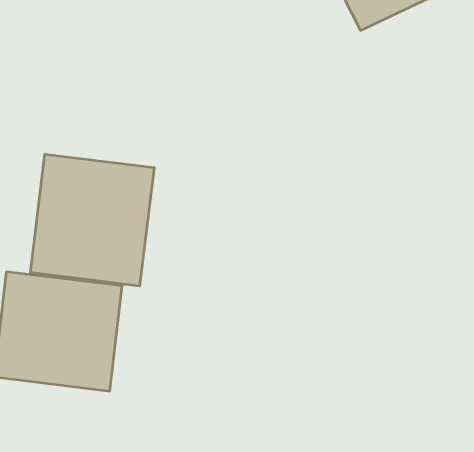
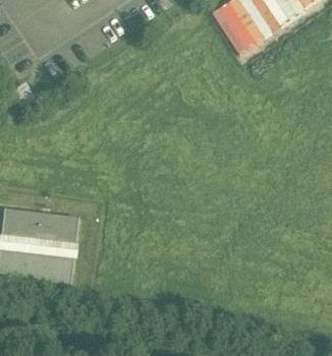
building: [30,154,154,286] -> none

